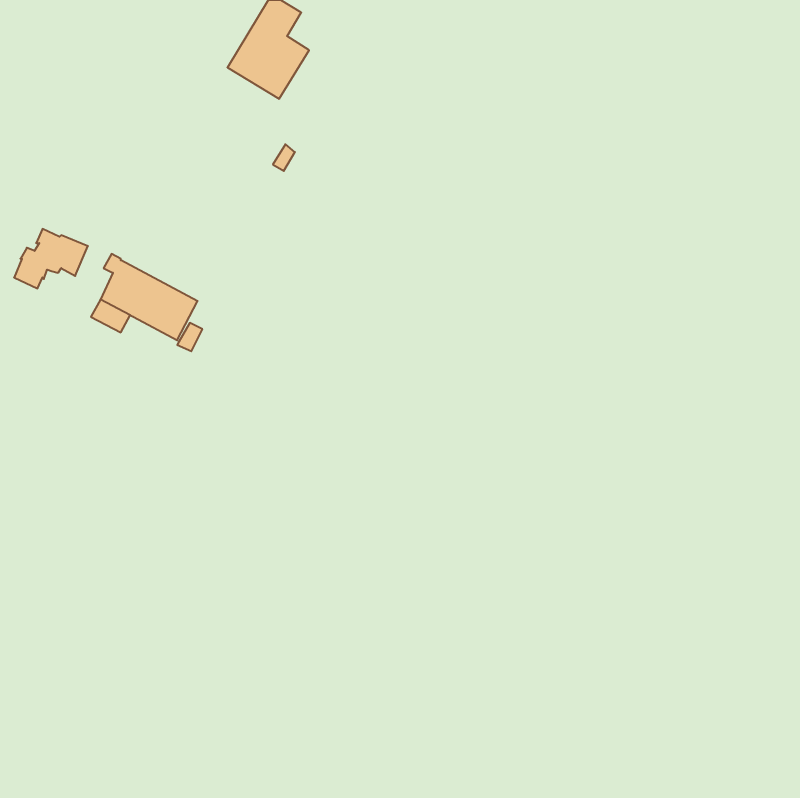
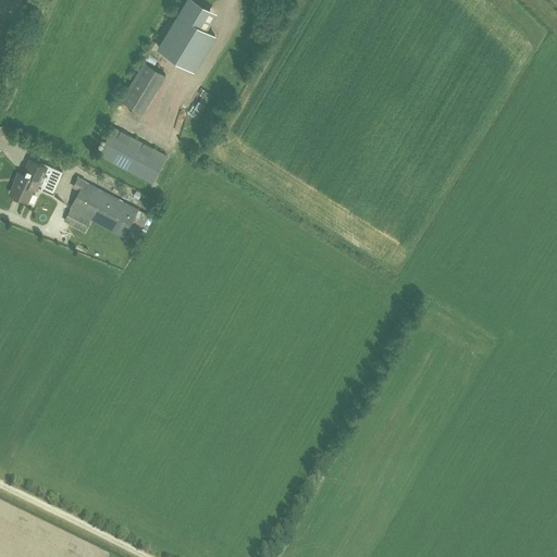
building: none -> [120,63,164,113]
building: none -> [97,128,166,185]

